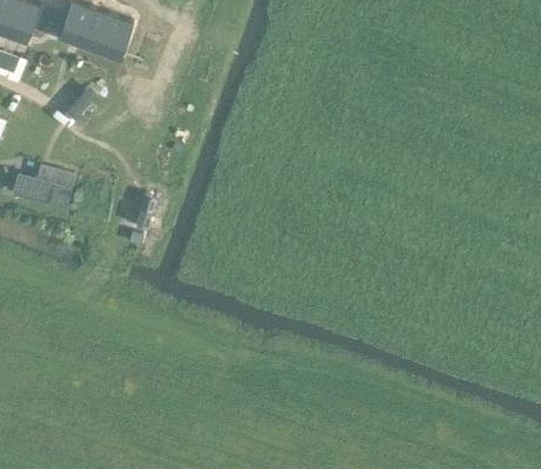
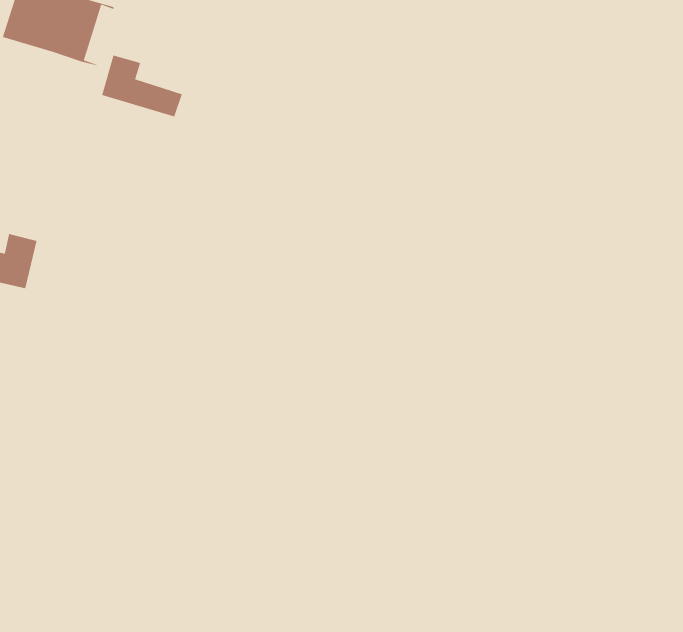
building: none -> [101,55,183,117]

